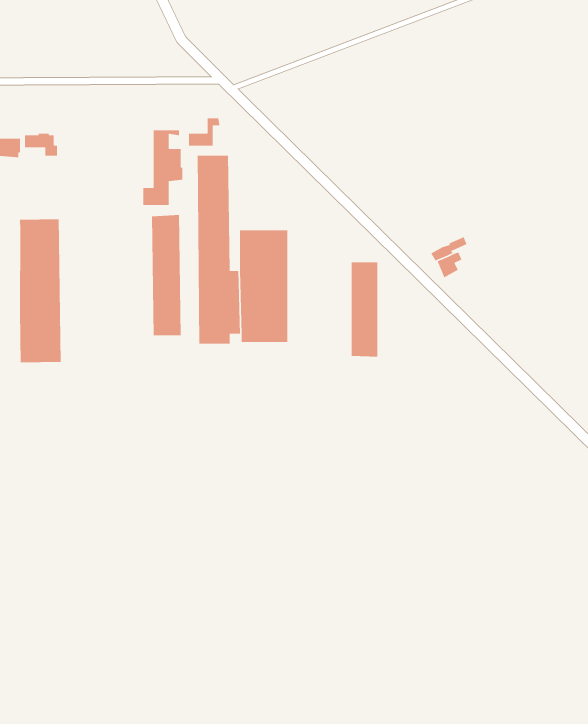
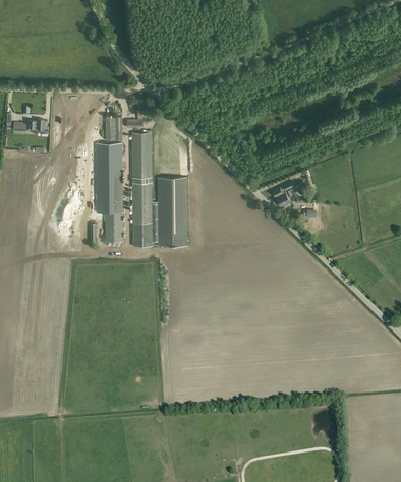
building: [19,219,61,363] -> none
building: [351,261,378,358] -> none

